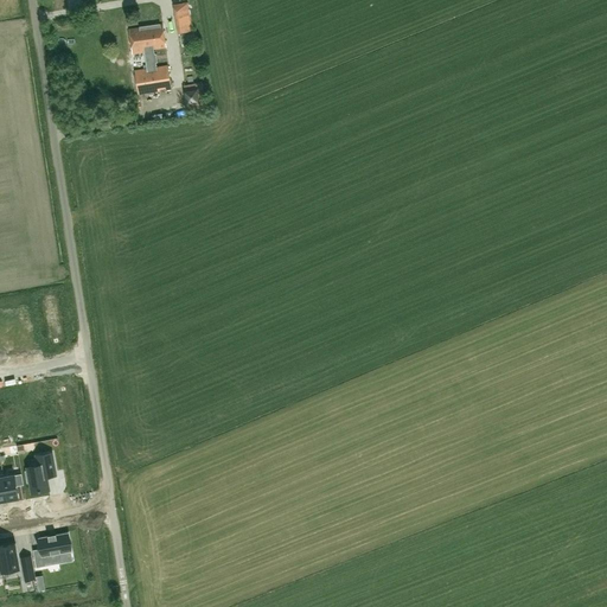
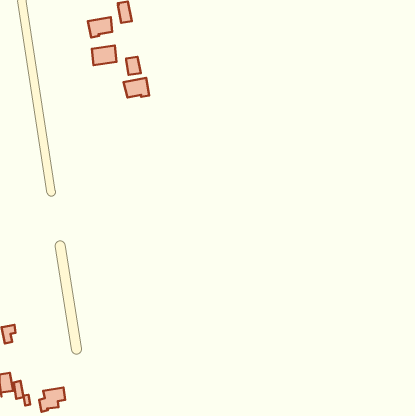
building: none -> [124,78,149,97]
building: [24,453,55,492] -> none
building: [32,532,70,568] -> [39,387,65,412]

